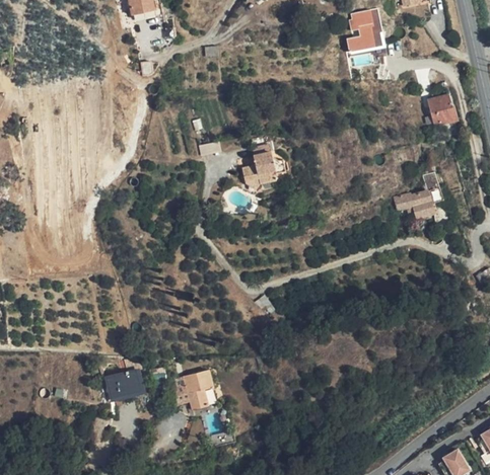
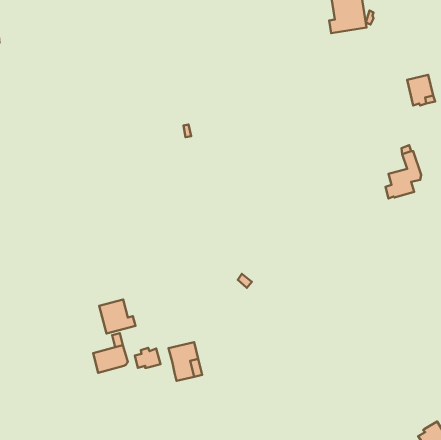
building: [240,153,286,183] -> none
building: none -> [99,300,135,333]
building: none -> [135,348,160,368]

